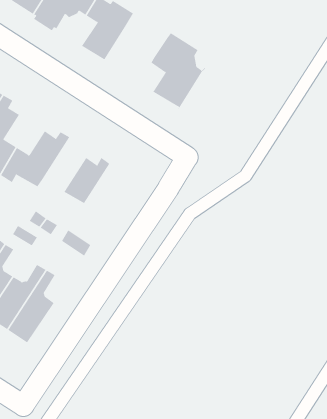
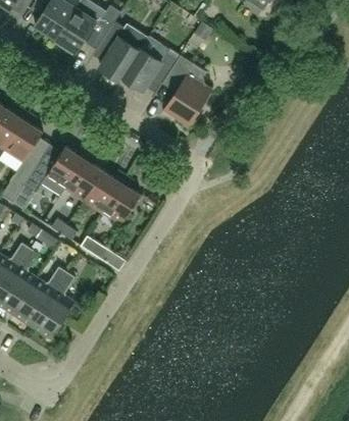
building: none -> [120,36,178,91]
building: none -> [64,151,103,201]
building: none -> [102,175,141,224]

